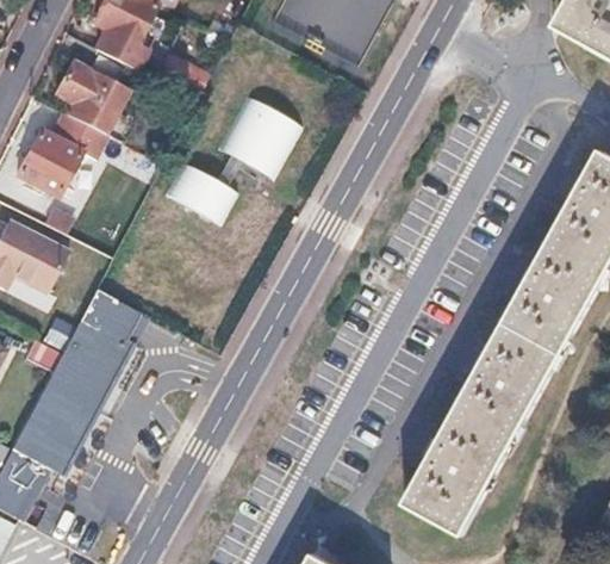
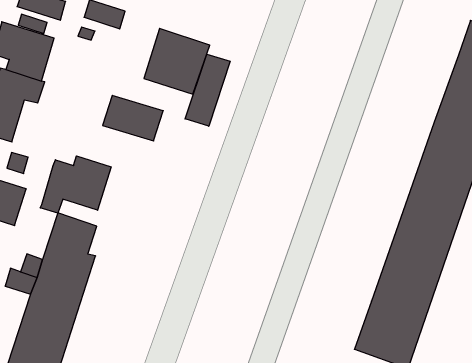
building: none -> [185,54,230,126]
building: none -> [40,156,111,213]

